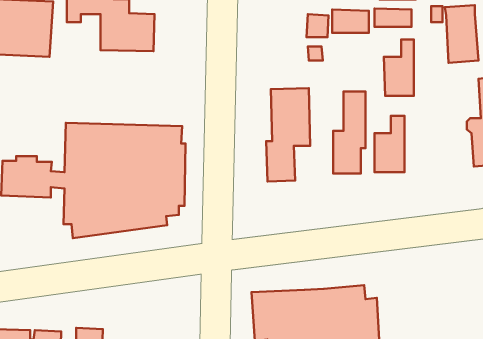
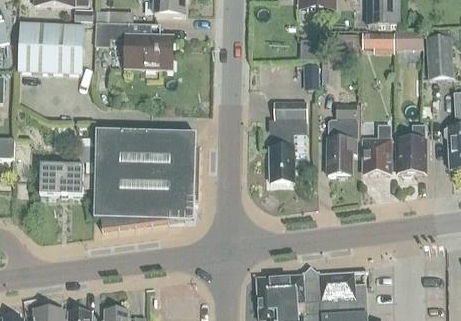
building: [384,39,414,96] -> [397,124,423,173]

